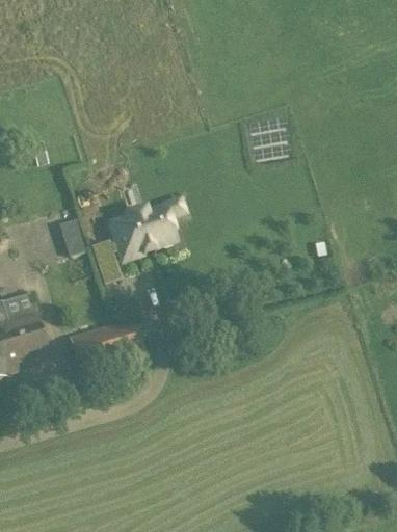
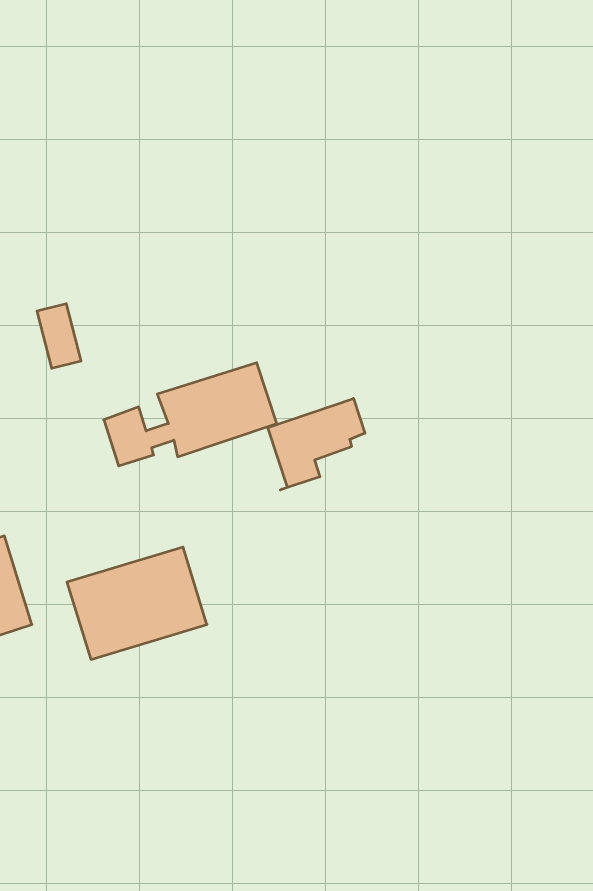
building: [60,215,85,251] -> [37,304,81,368]
building: none -> [268,398,365,490]

